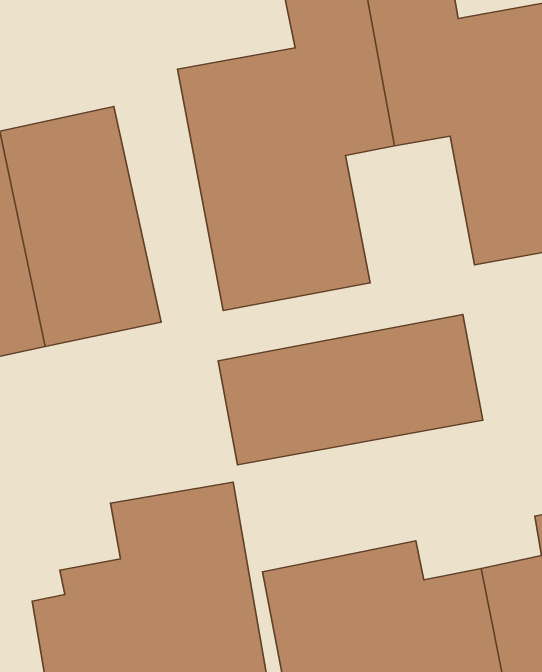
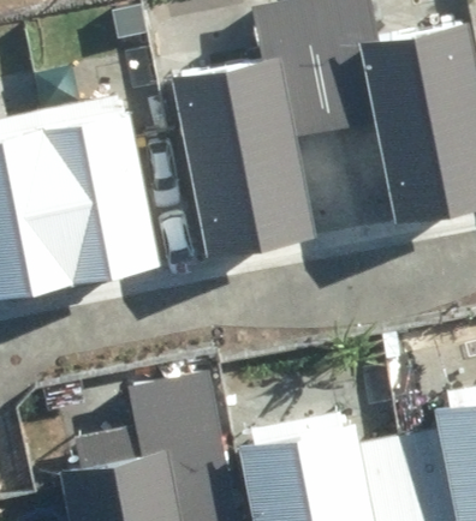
building: [218,315,483,465] -> none

